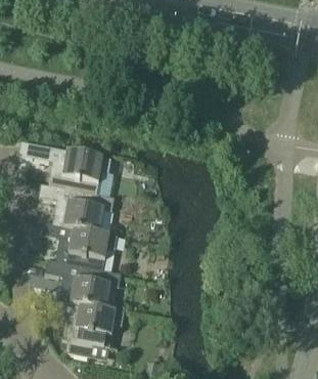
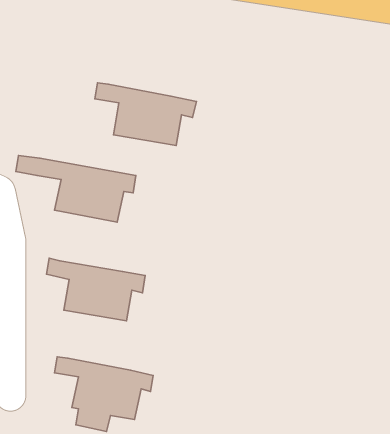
building: [38,186,116,235] -> [95,83,196,146]
building: [44,262,121,310] -> none

